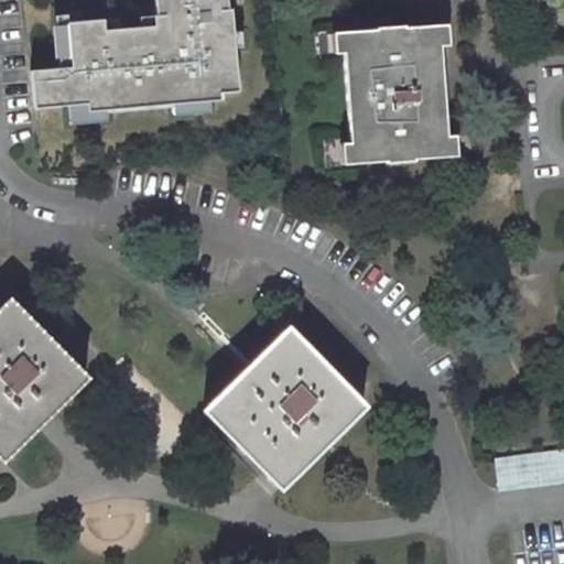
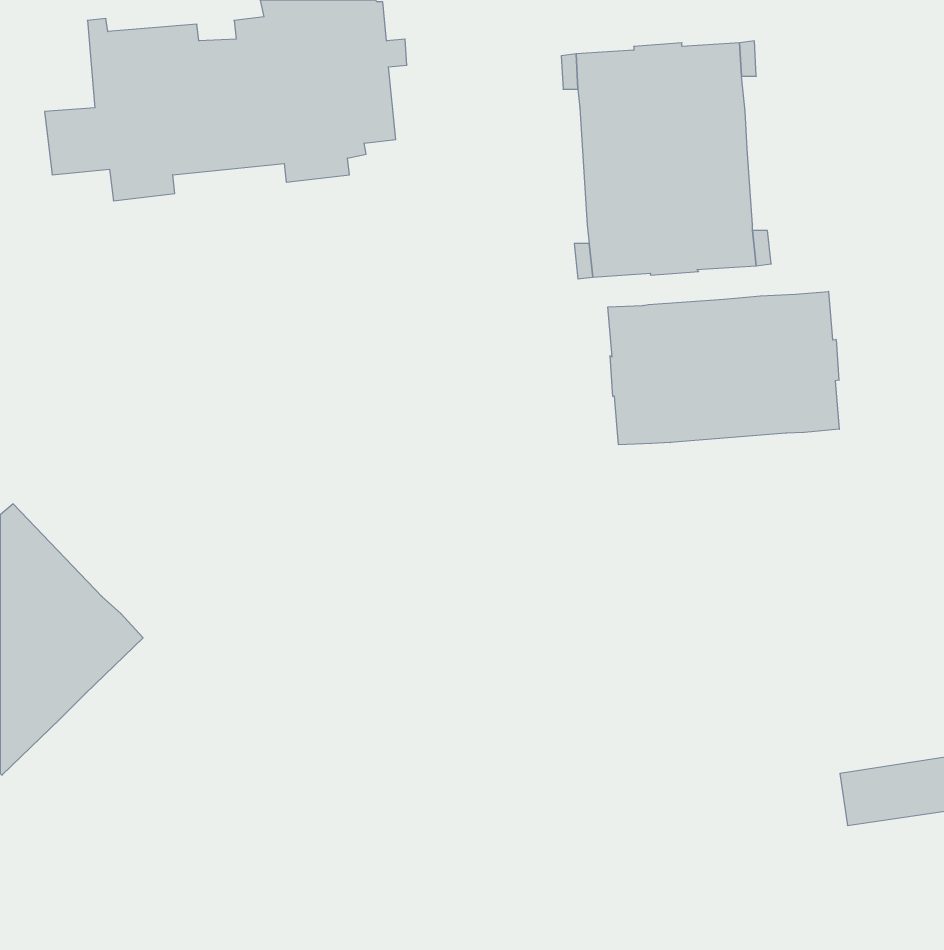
building: none -> [608,291,839,445]
building: [203,327,368,492] -> none

